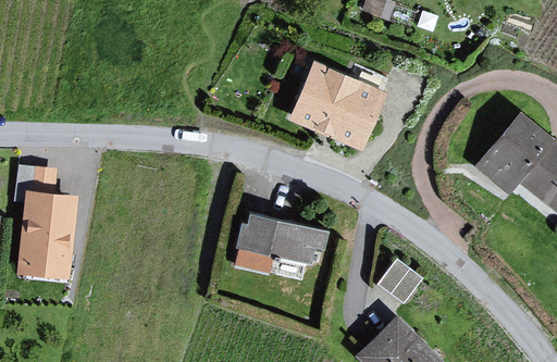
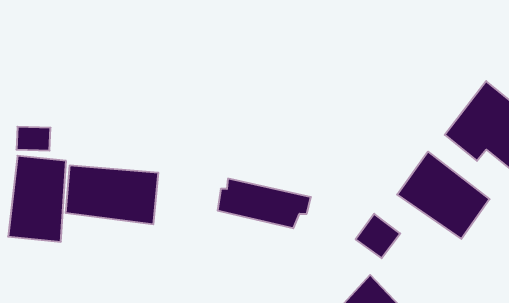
building: [285,61,384,149] -> none
building: none -> [397,152,490,239]
building: none -> [66,165,158,224]

